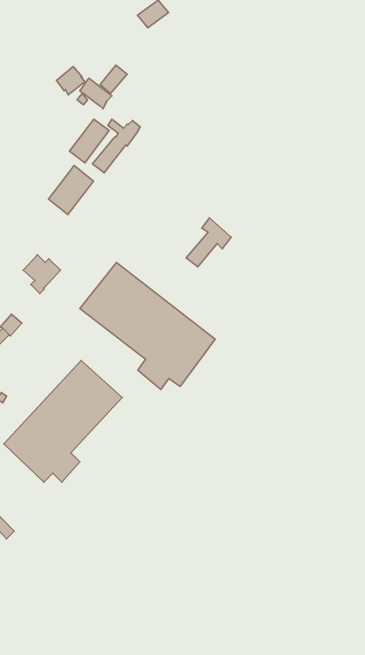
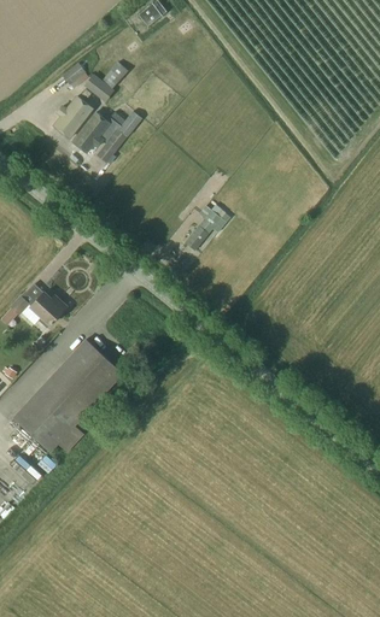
building: [48,166,93,214] -> [52,94,94,140]
building: [23,255,61,293] -> [30,293,65,329]
building: [80,262,215,389] -> none

